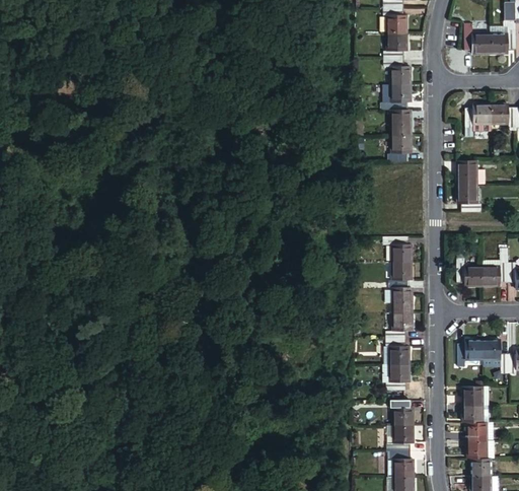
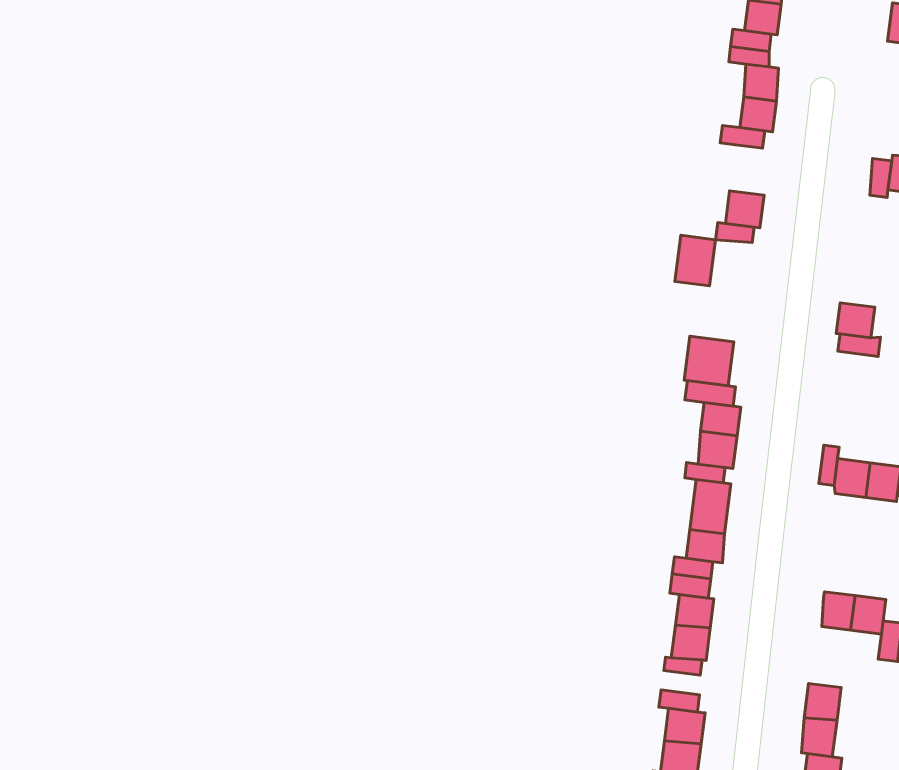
building: [391,112,410,136] -> [675,235,715,286]
building: [456,161,474,187] -> none
building: none -> [684,336,734,386]

